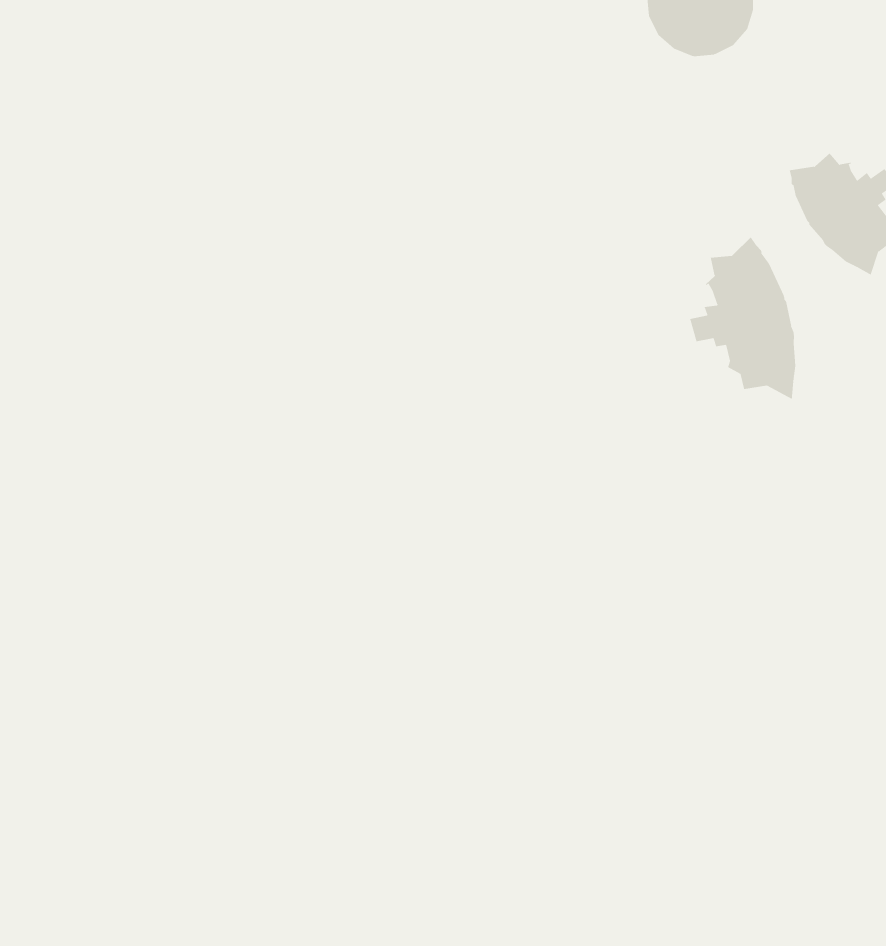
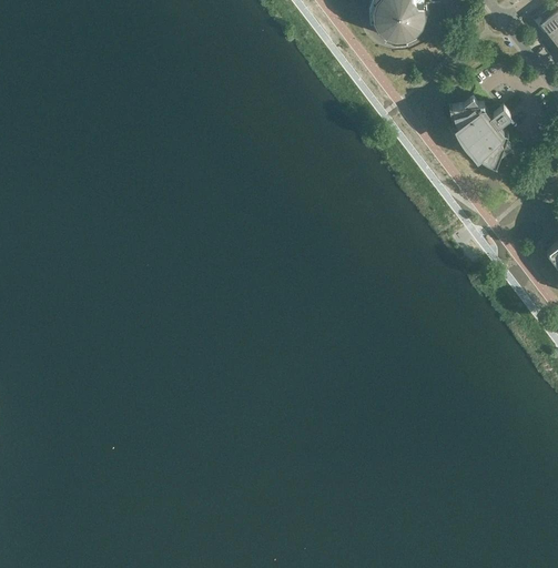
building: [690,236,796,400] -> none

